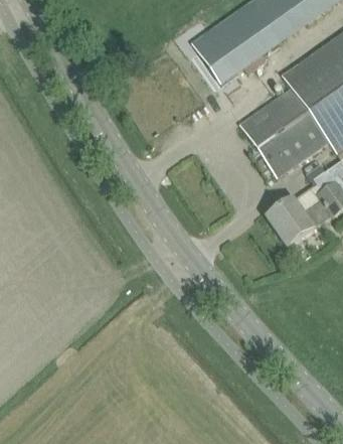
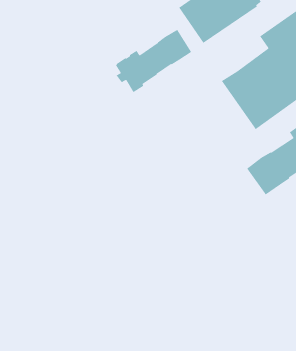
building: none -> [115,29,192,93]

